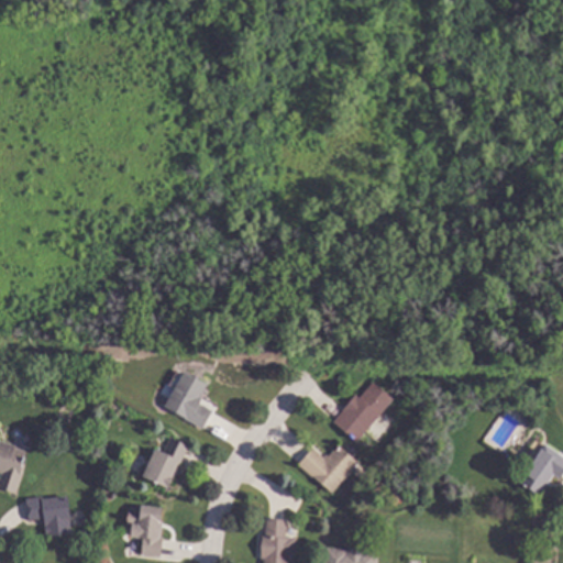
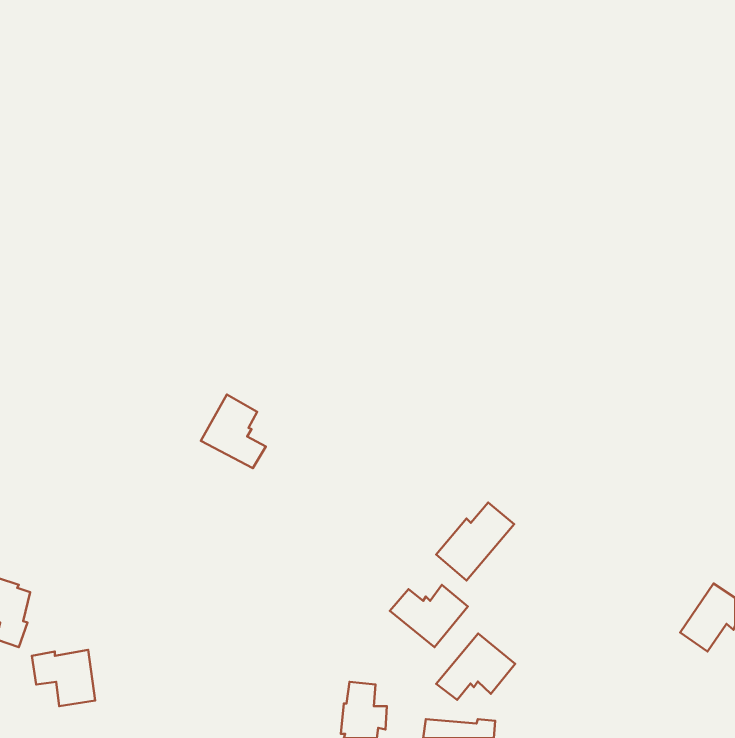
building: [163,372,212,428] -> [201,394,266,468]
building: [141,437,188,488] -> none
building: none -> [436,633,515,700]
building: [126,506,162,558] -> none

